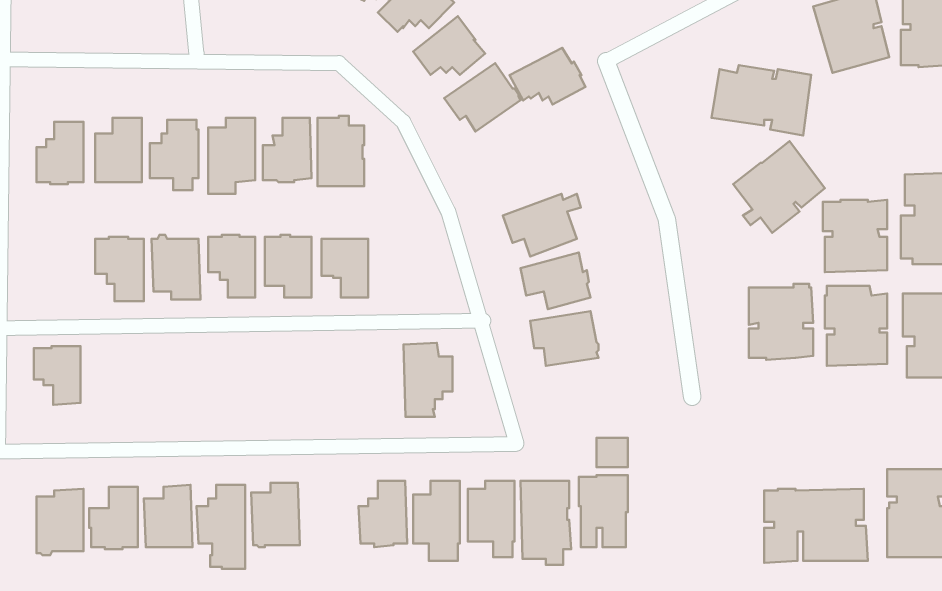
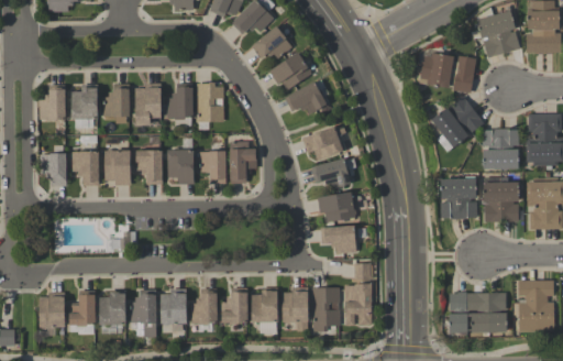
building: [509,48,586,104] -> [284,81,327,113]
building: [404,343,452,417] -> [229,141,256,183]
building: [34,346,81,405] -> [40,153,66,186]
building: none -> [320,226,357,253]
building: none -> [190,288,217,322]

